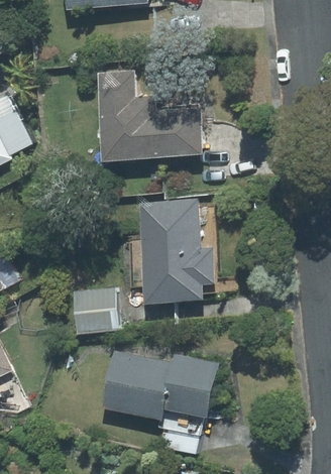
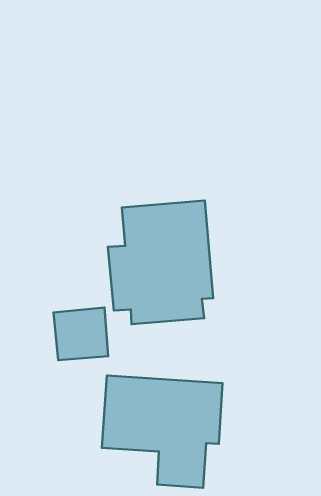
building: [96,68,208,159] -> none

